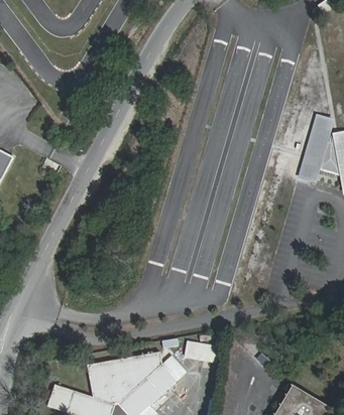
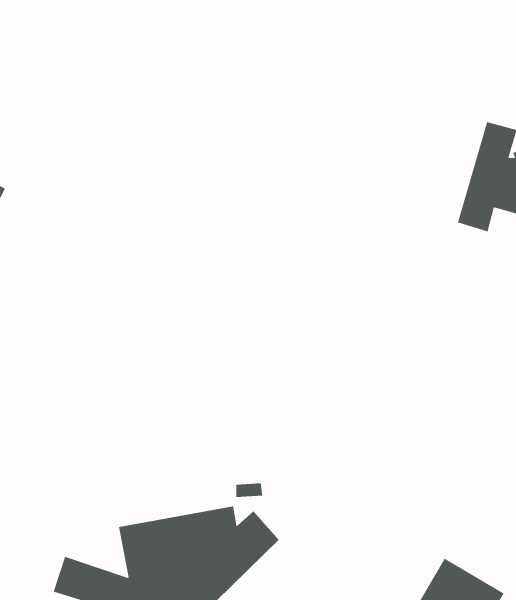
building: [182,341,214,362] -> none

